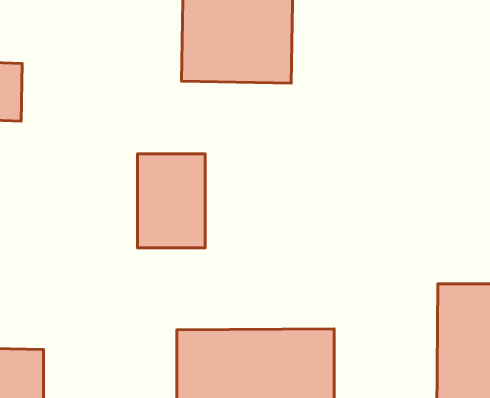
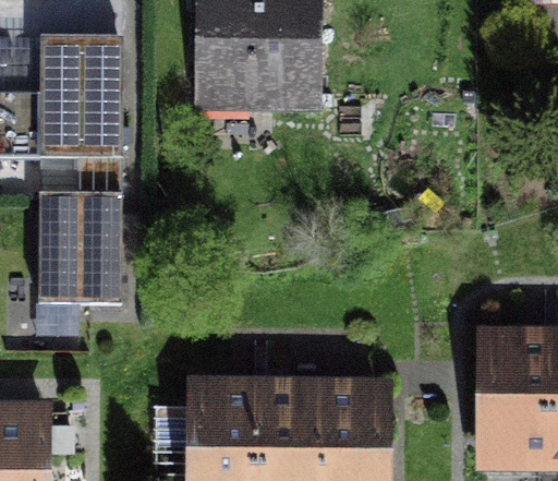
building: none -> [36,32,118,147]
building: [138,154,205,248] -> [36,188,111,292]

